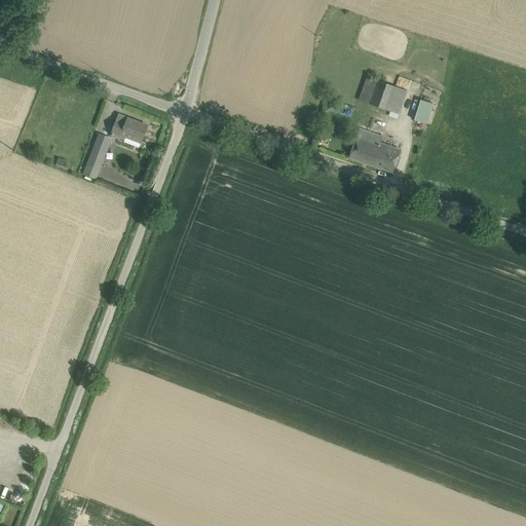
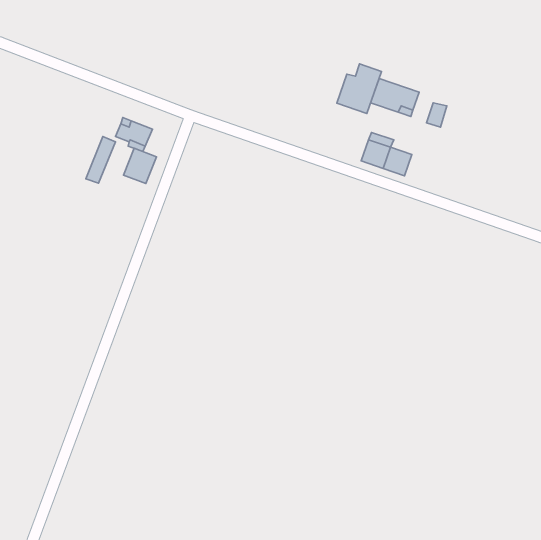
building: none -> [337,64,381,113]
building: none -> [124,148,157,184]

